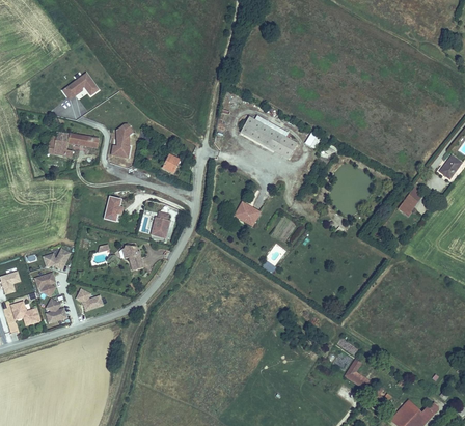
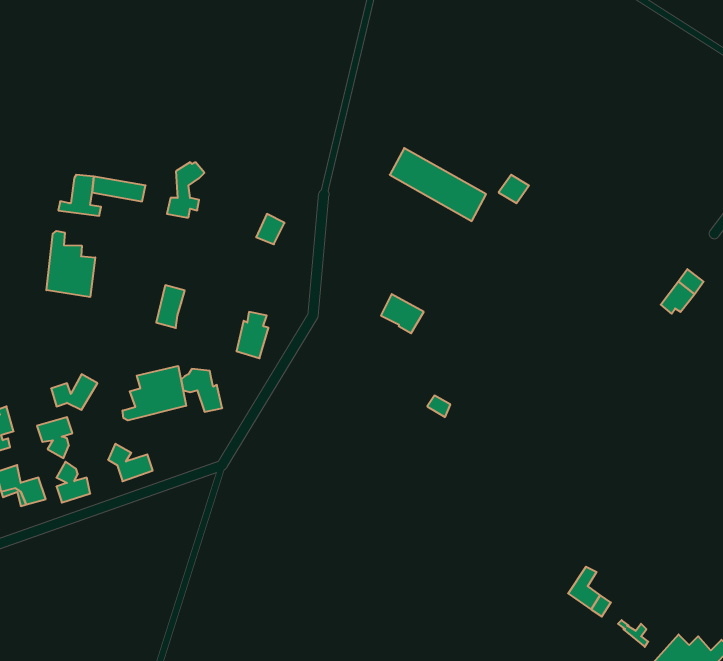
building: [63,73,99,98] -> none
building: none -> [46,231,95,297]
building: none -> [123,366,186,420]

